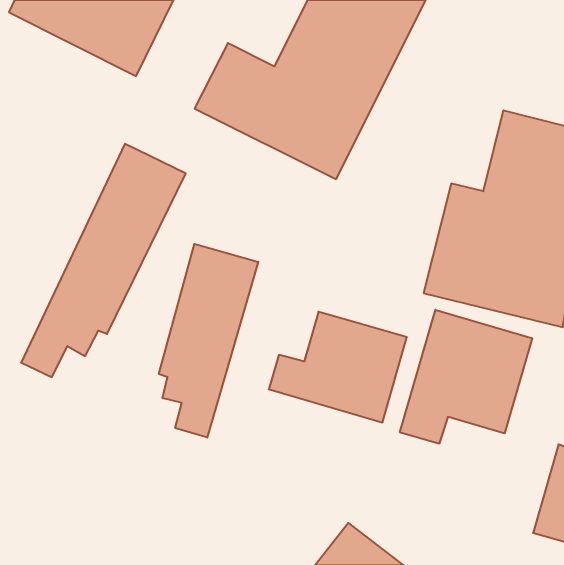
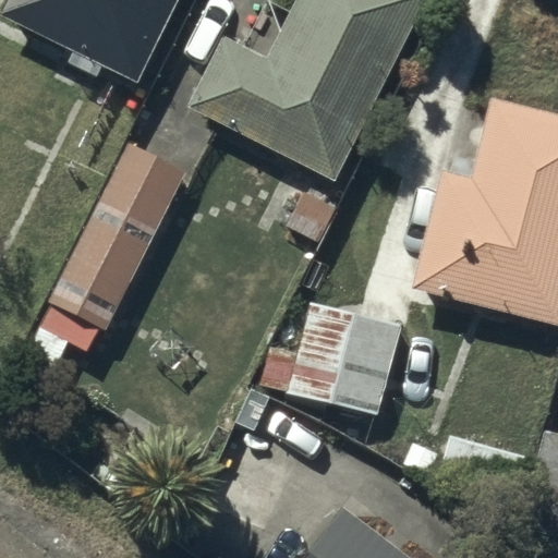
building: [159,244,258,438] -> none
building: [400,310,532,444] -> none

